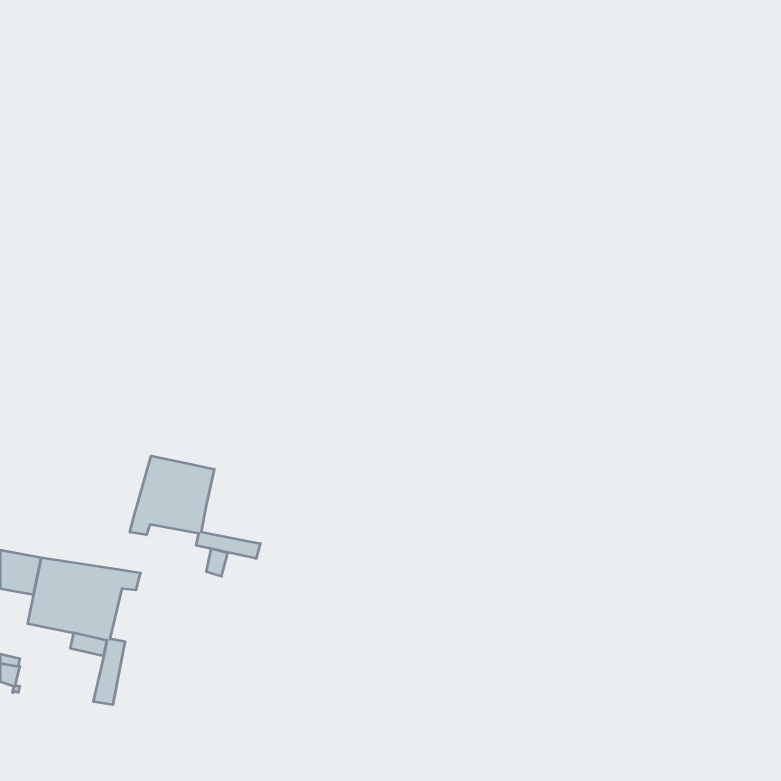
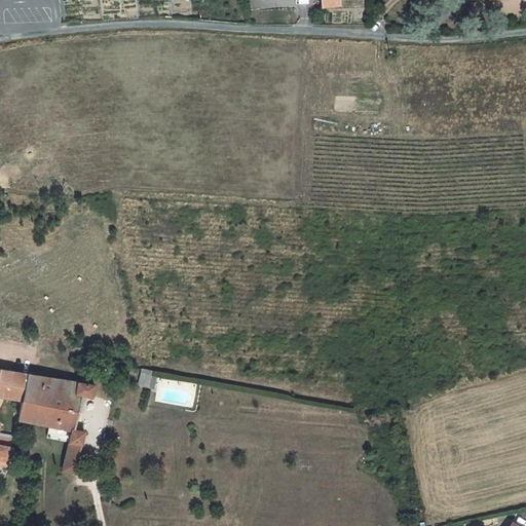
building: [130,456,260,559] -> none

